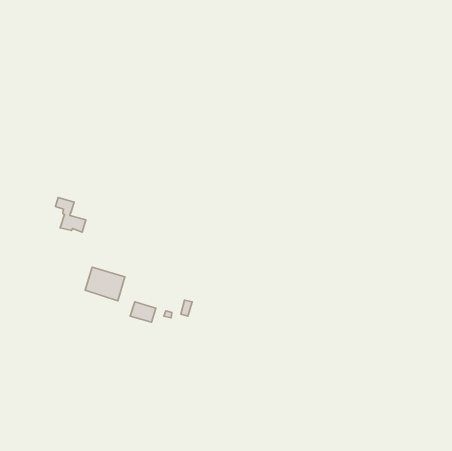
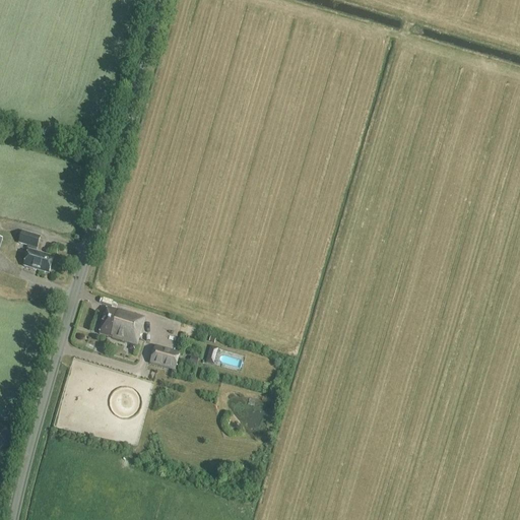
building: [56,198,86,232] -> [17,231,52,270]

